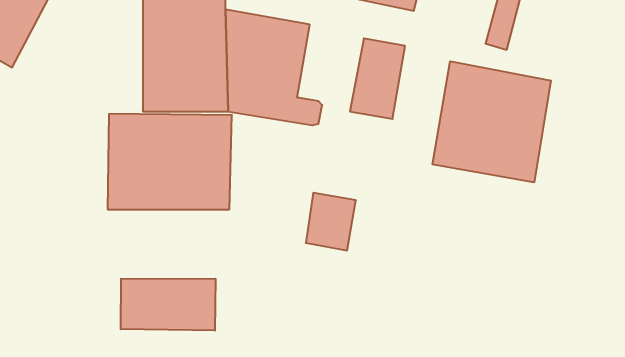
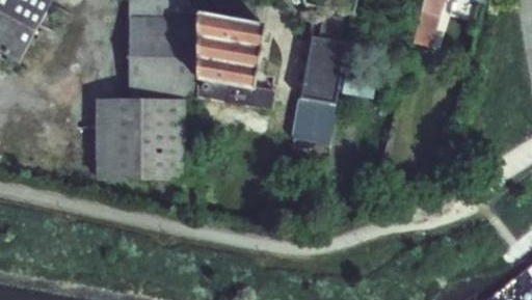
building: [432,61,551,182] -> none
building: [306,193,356,251] -> [292,94,334,142]
building: [121,279,215,331] -> none

